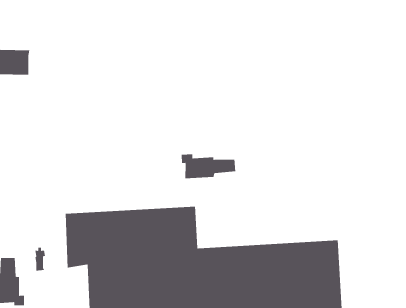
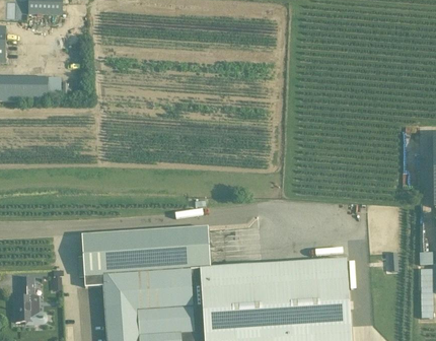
building: [181,154,236,179] -> none

